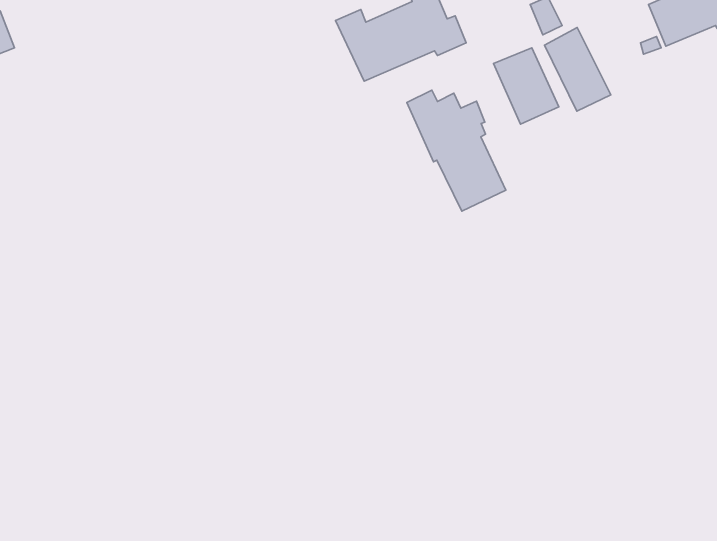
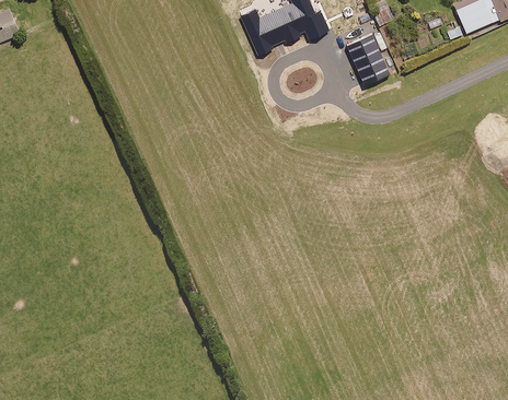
building: [544,28,611,111] -> none
building: [407,90,506,211] -> none

